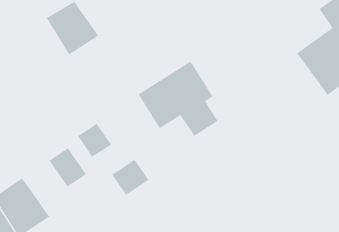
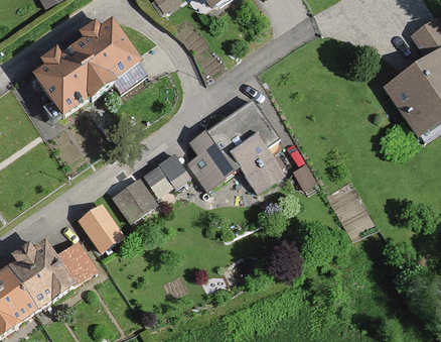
building: none -> [31,44,102,116]
building: [111,159,150,196] -> [141,150,188,196]
building: none -> [55,241,100,290]

